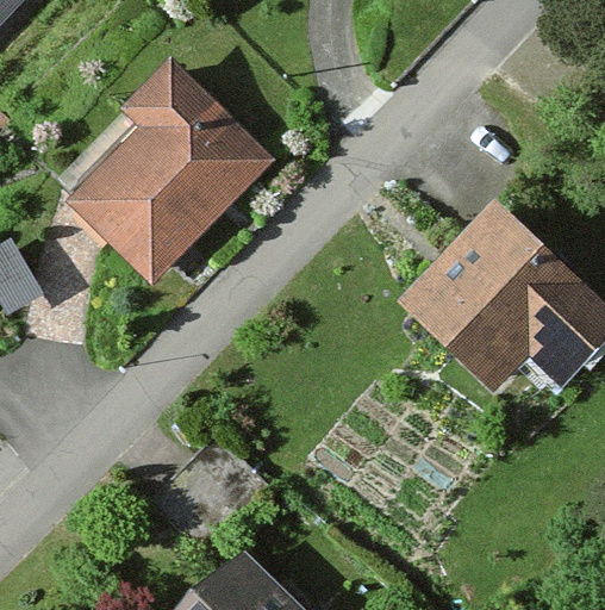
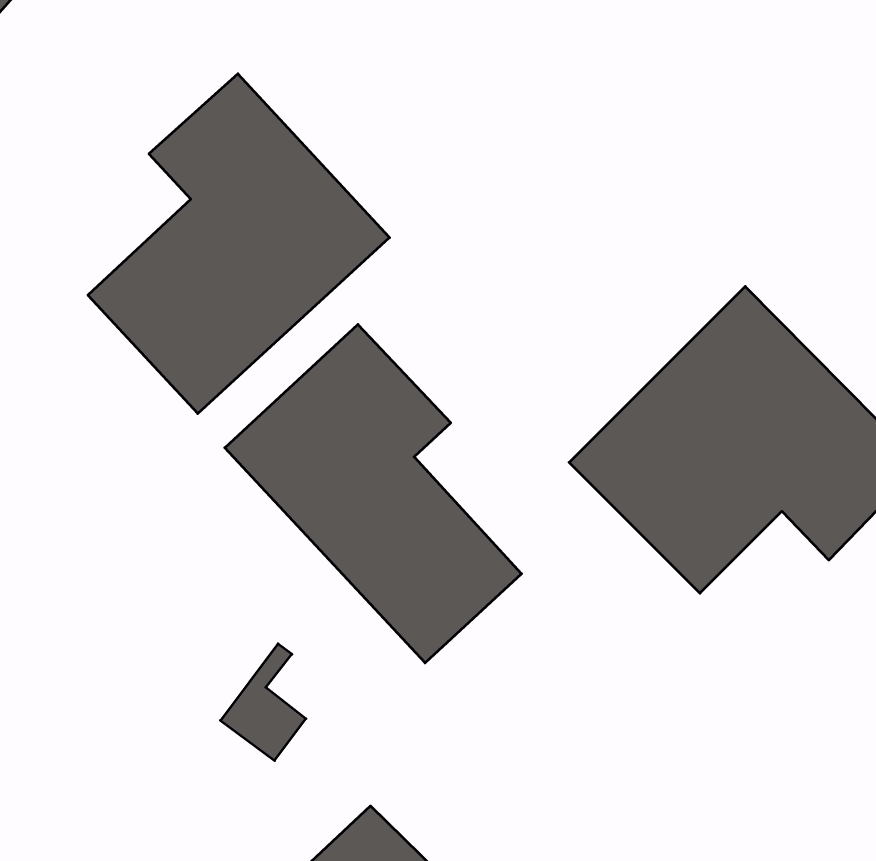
building: none -> [225,324,522,663]

